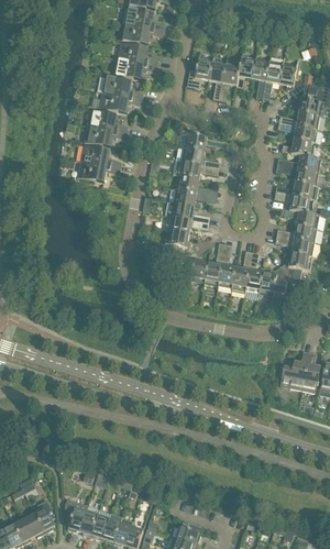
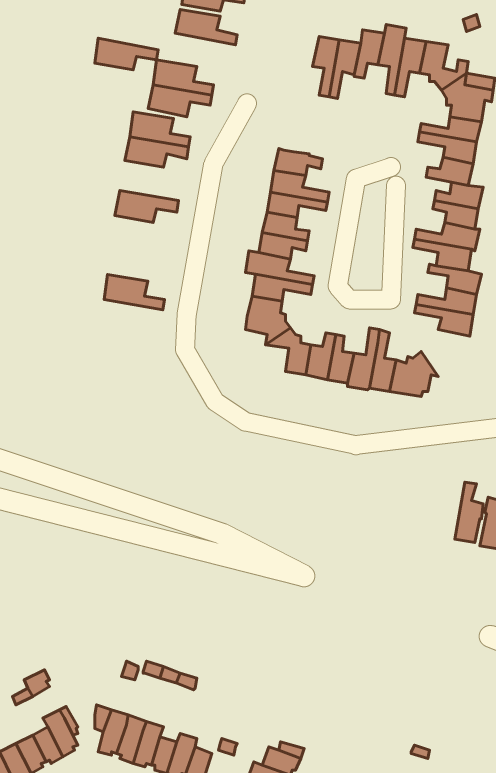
building: [186,56,212,87] -> none
building: [116,57,157,78] -> [95,38,158,70]
building: [81,144,121,167] -> [104,275,164,310]
building: [279,252,311,284] -> none
building: [277,351,308,389] -> none

